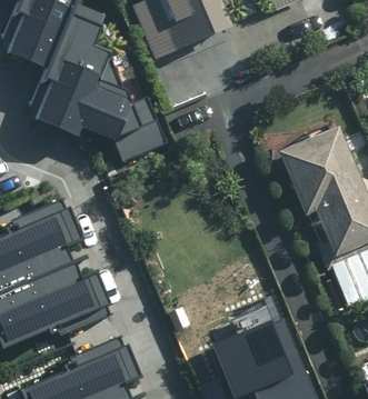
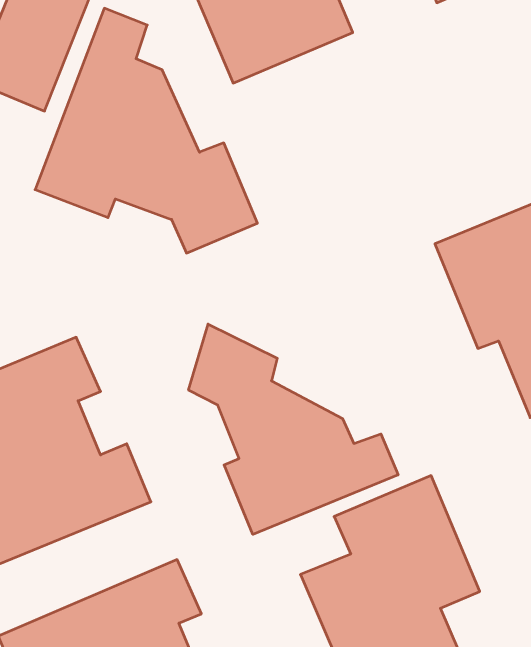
building: none -> [189,324,398,534]

